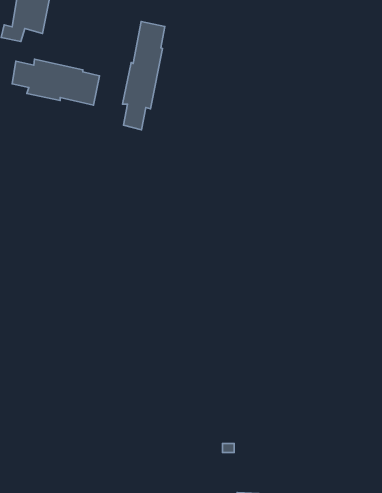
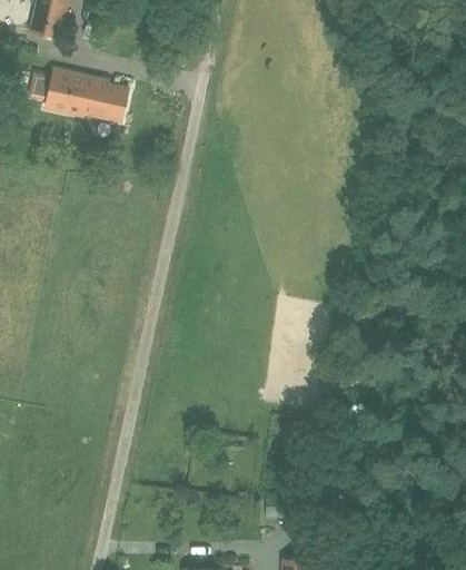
building: [122,22,165,130] -> none

